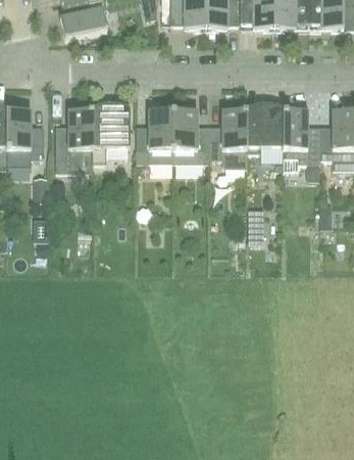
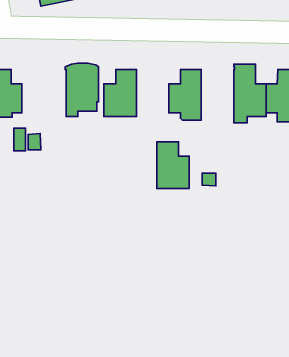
building: [246,103,284,152] -> none
building: [55,110,93,171] -> none
building: [172,110,209,164] -> [157,142,189,189]

